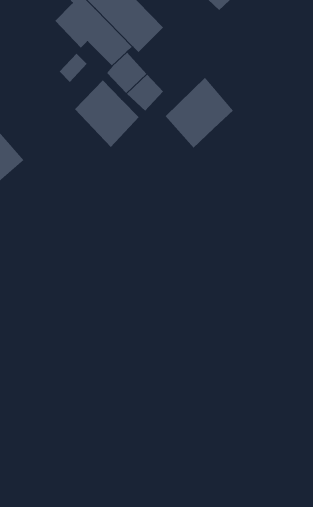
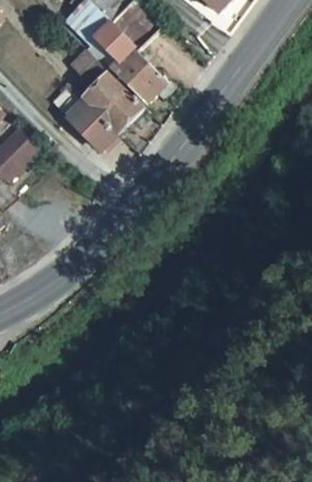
building: [165,77,234,149] -> none
building: none -> [65,102,116,152]

